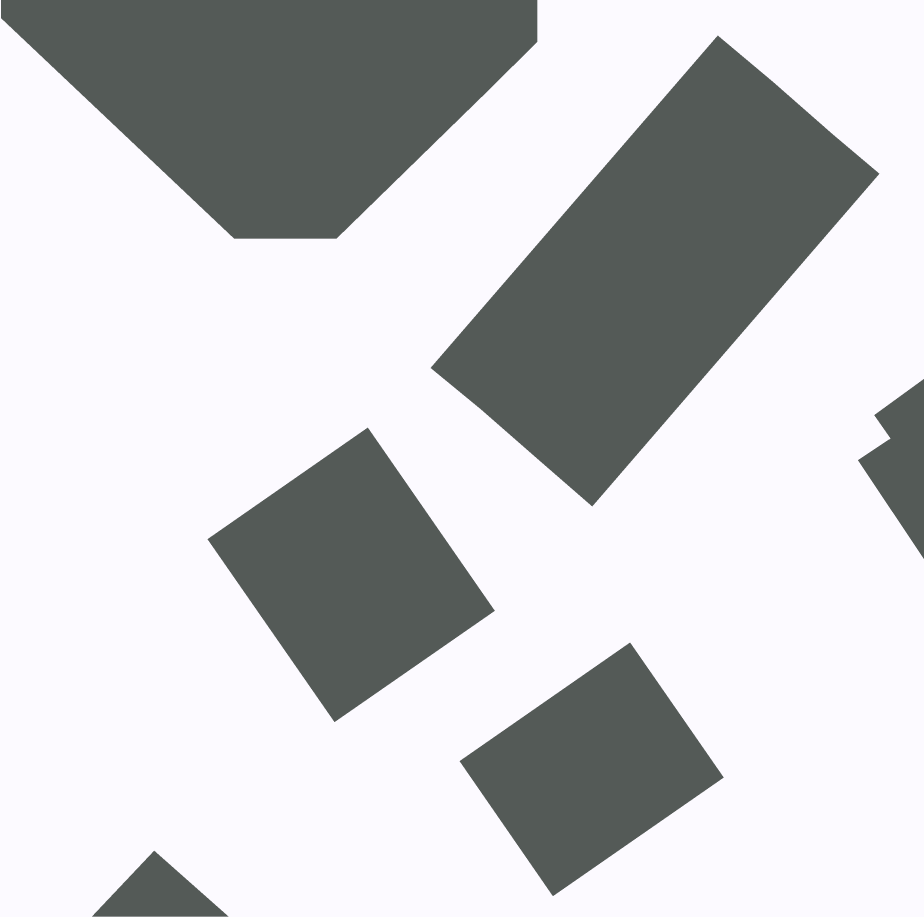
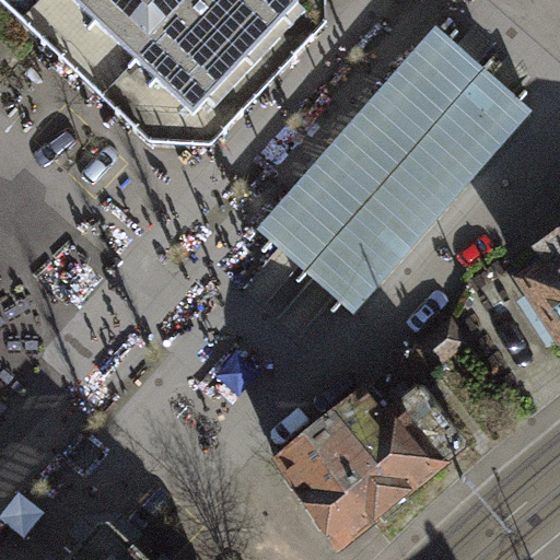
building: [207,427,496,723] -> none

